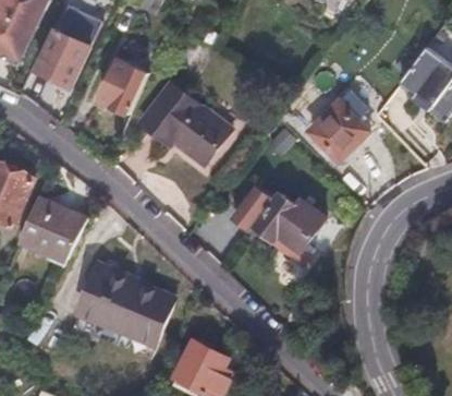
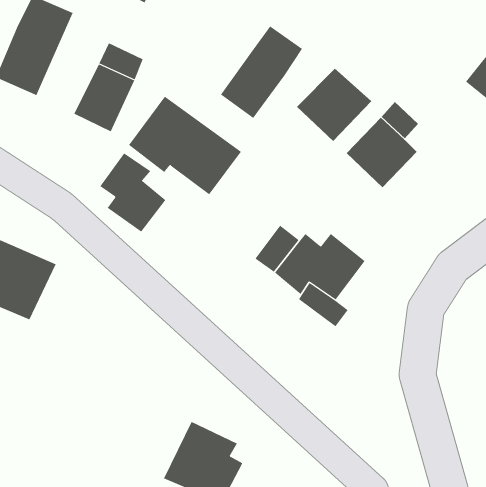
building: none -> [220,25,303,119]
building: none -> [296,68,372,142]
building: none -> [99,153,166,232]
building: [71,263,171,357] -> none

